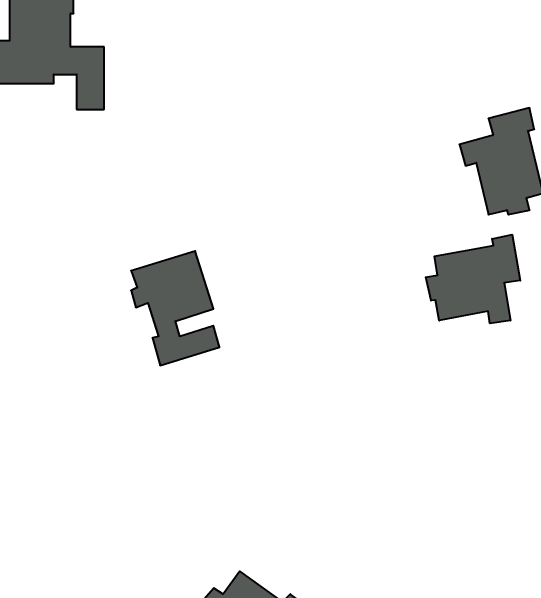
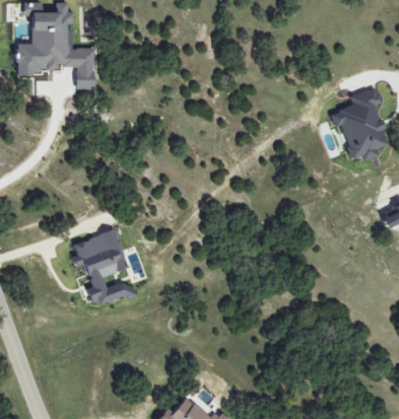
building: [426,235,520,323] -> none
building: [131,251,220,365] -> [73,230,132,306]

